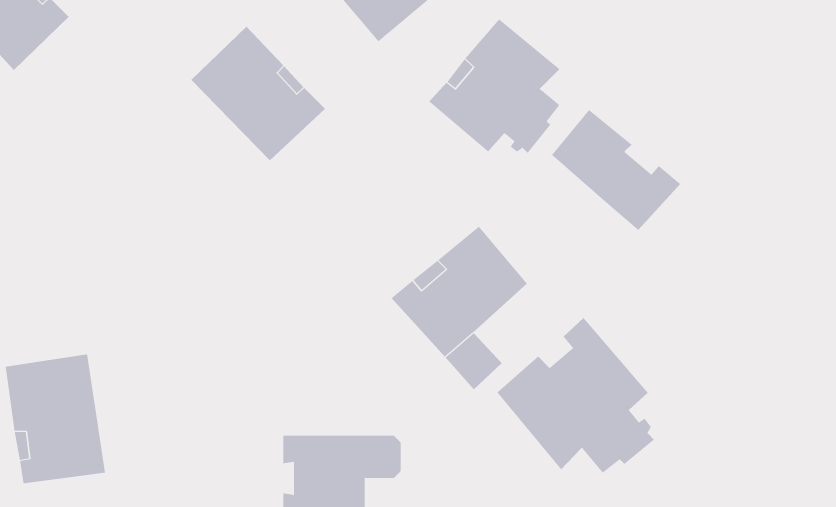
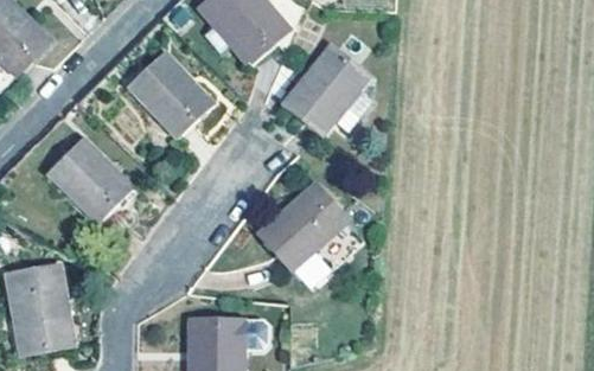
building: [551,109,681,231] -> none
building: none -> [46,136,134,223]
building: [496,317,655,474] -> none

